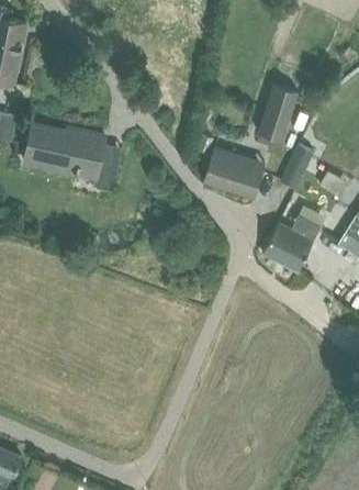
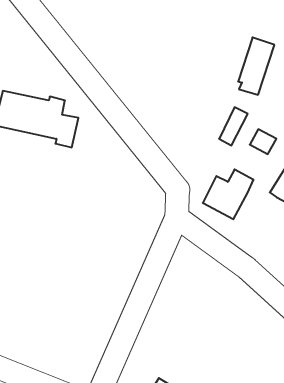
building: [257,82,299,148] -> [238,37,274,95]
building: [204,146,263,198] -> none

